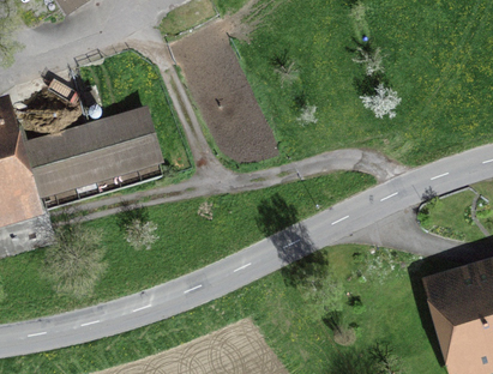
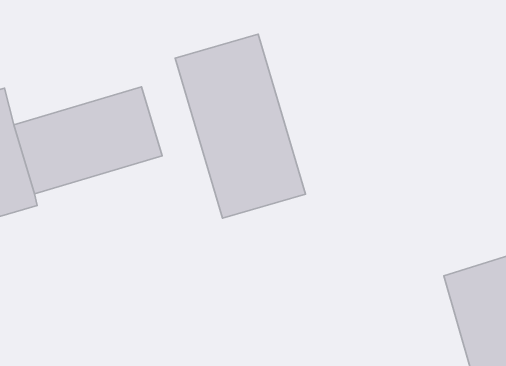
building: none -> [175,34,306,218]

